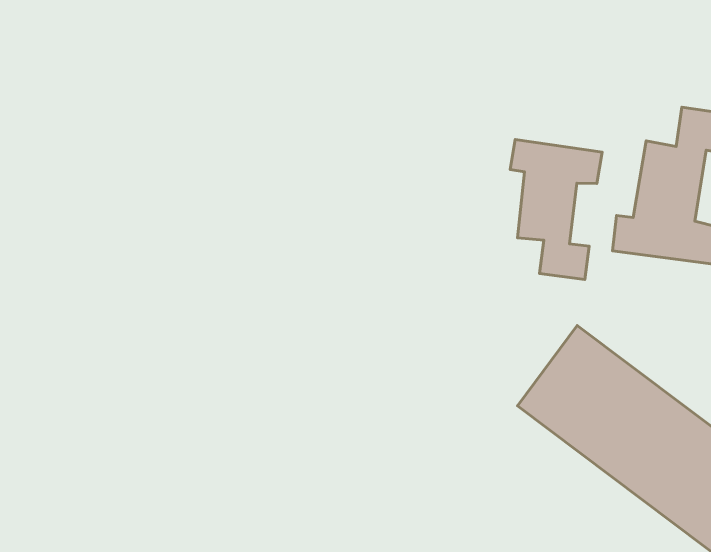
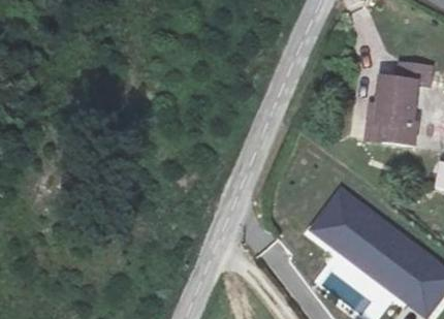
building: [510,139,602,280] -> none

